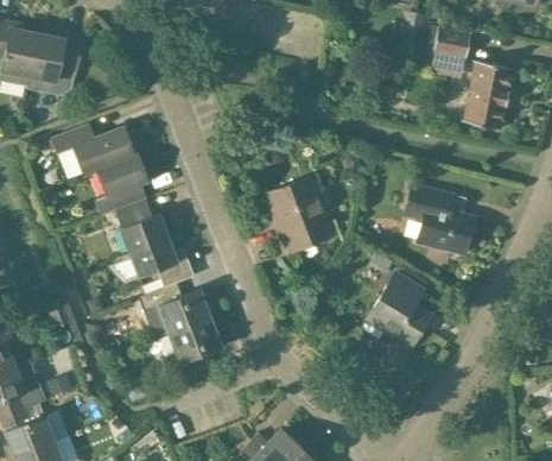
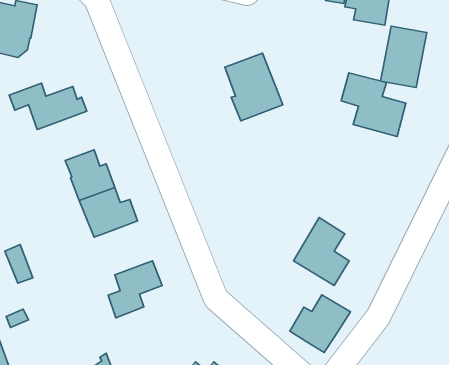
building: [97,156,148,215] -> none
building: [271,177,335,252] -> [225,53,283,121]
building: [405,184,476,254] -> [341,73,406,136]
building: [139,286,212,336] -> none
building: none -> [290,295,350,353]

